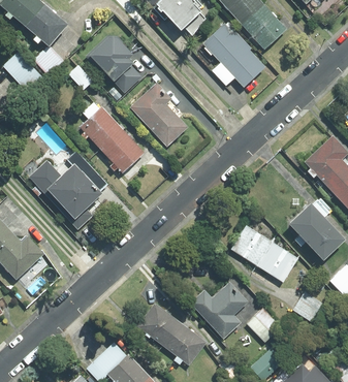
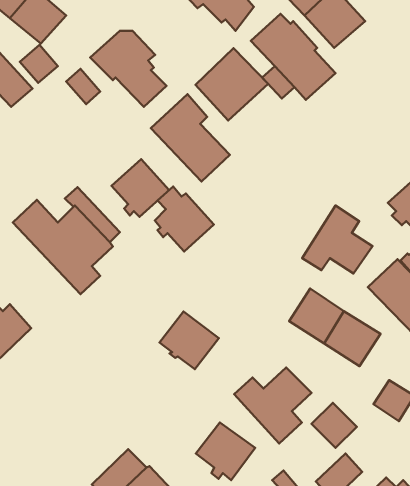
building: none -> [195,48,268,121]
building: [80,102,123,150] -> [155,187,214,251]
building: none -> [302,206,373,274]
building: [137,304,181,346] -> [160,311,219,369]

